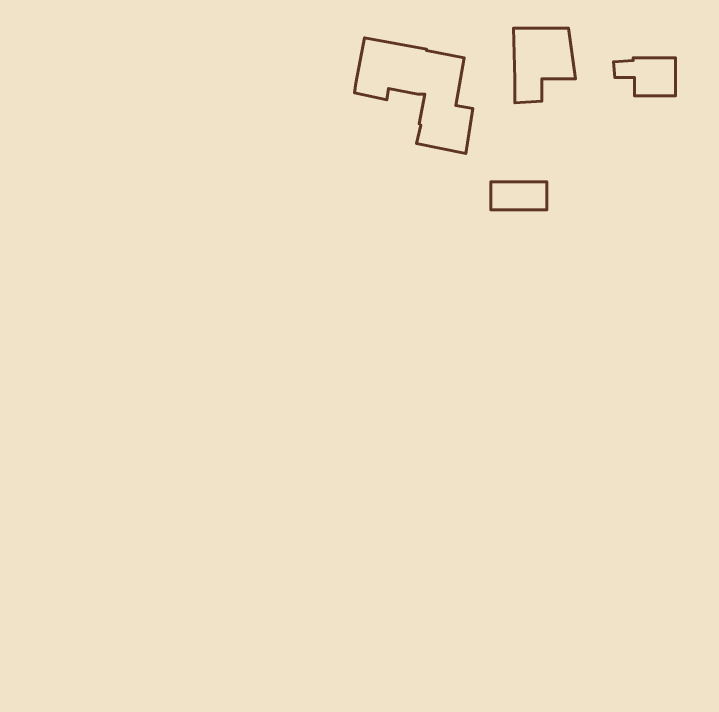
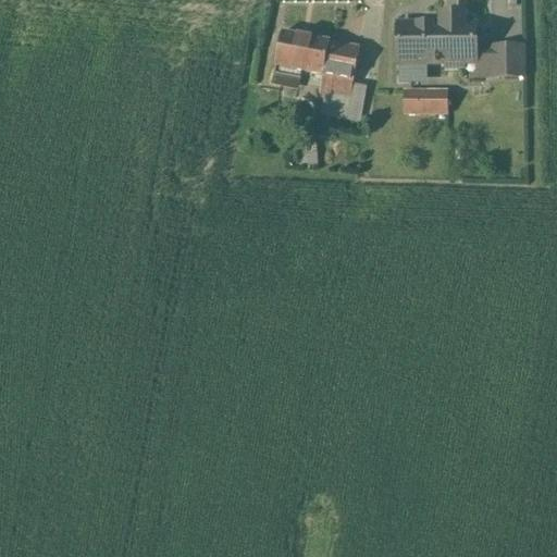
building: none -> [440,12,475,65]
building: [491,182,547,210] -> [404,89,447,111]

